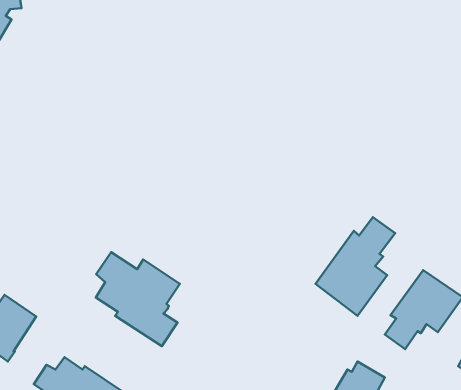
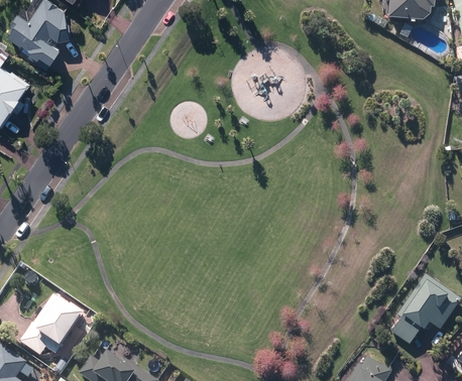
building: [315,217,395,316] -> none
building: [96,252,180,346] -> none

